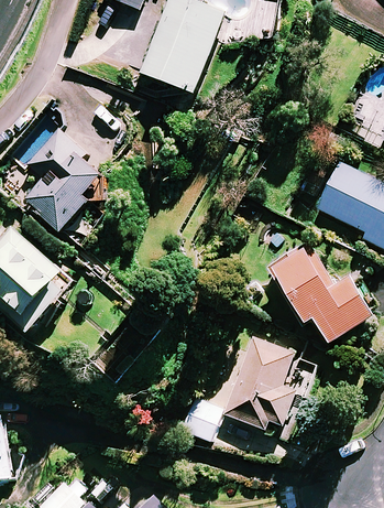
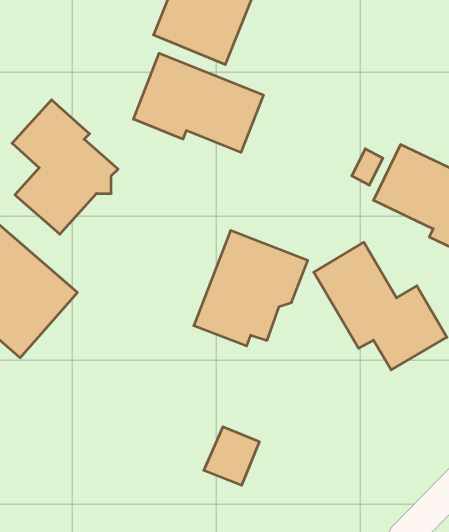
building: none -> [133,53,263,152]
building: [222,334,315,428] -> [194,231,308,346]

